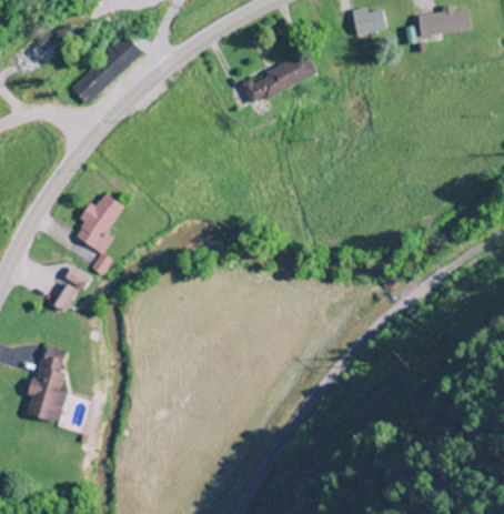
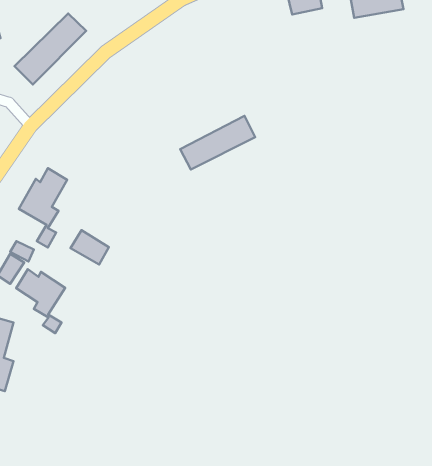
building: [240,51,317,107] -> [180,116,255,169]
building: none -> [71,230,109,265]
building: none -> [16,269,65,333]

